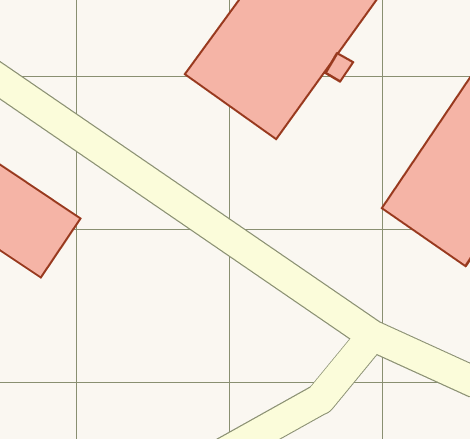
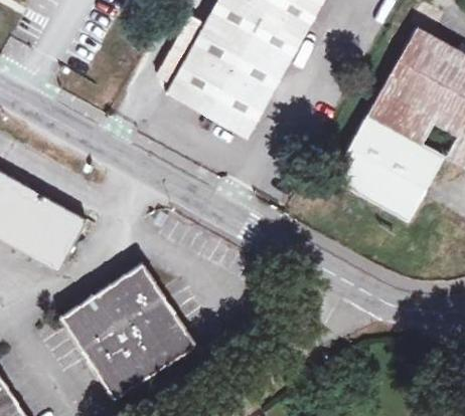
building: none -> [59,258,198,397]

